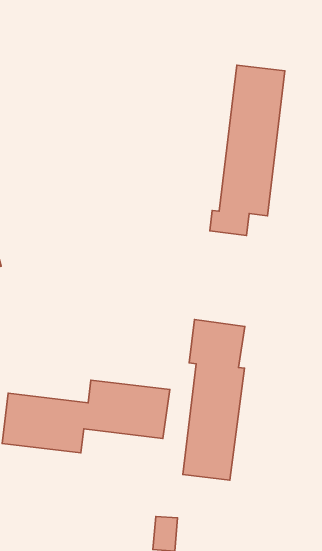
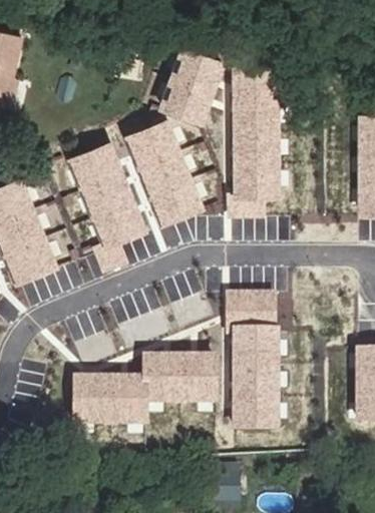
building: none -> [162,47,223,118]
building: none -> [129,119,201,218]
building: none -> [73,144,144,267]

